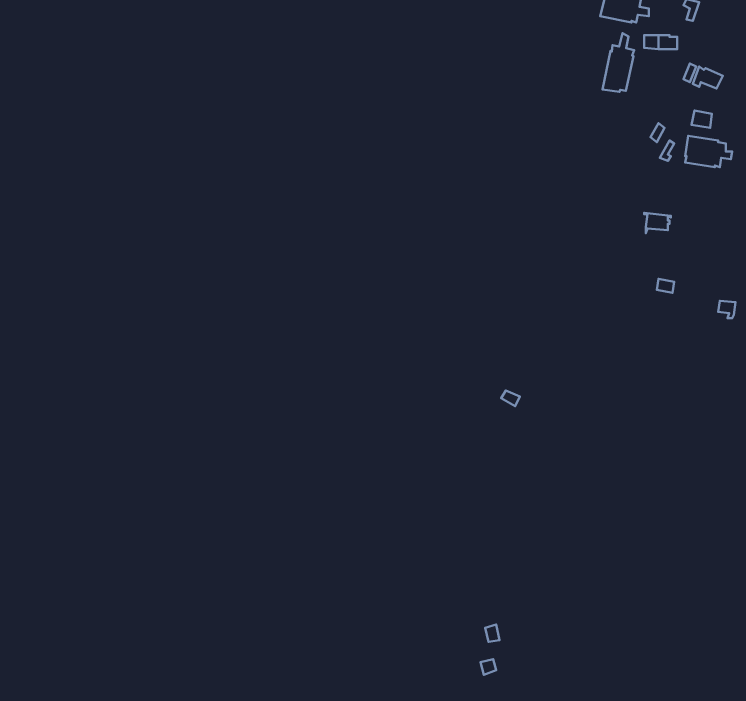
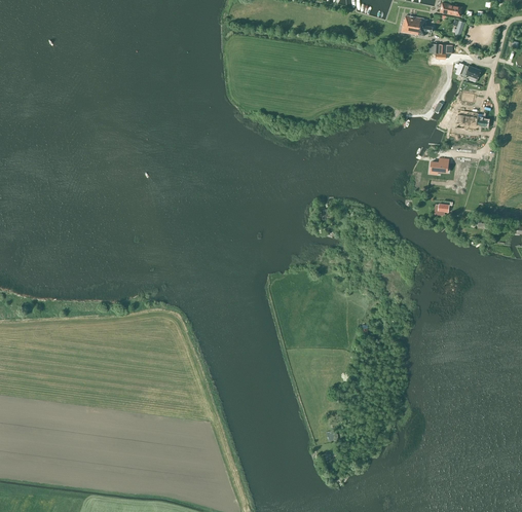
building: [603,33,634,92] -> none

